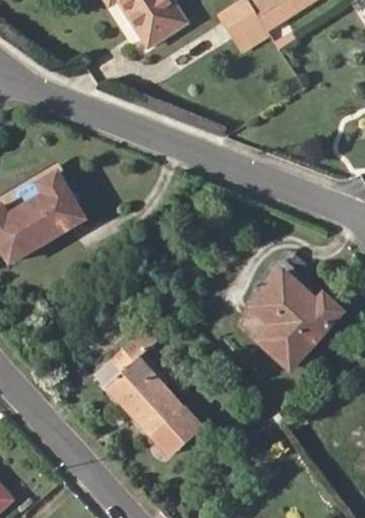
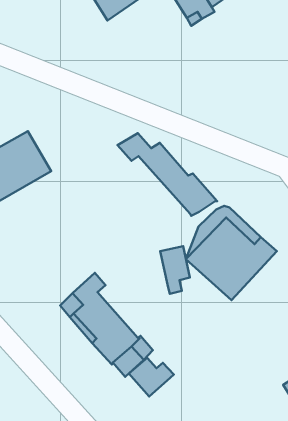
building: none -> [117,133,217,216]
building: none -> [160,246,190,294]
building: none -> [129,358,174,396]

